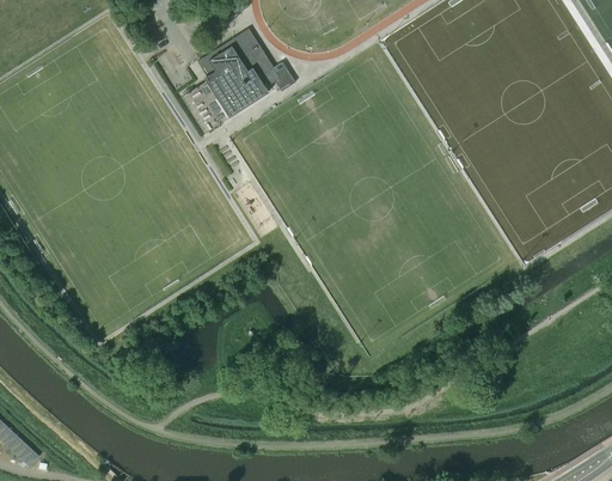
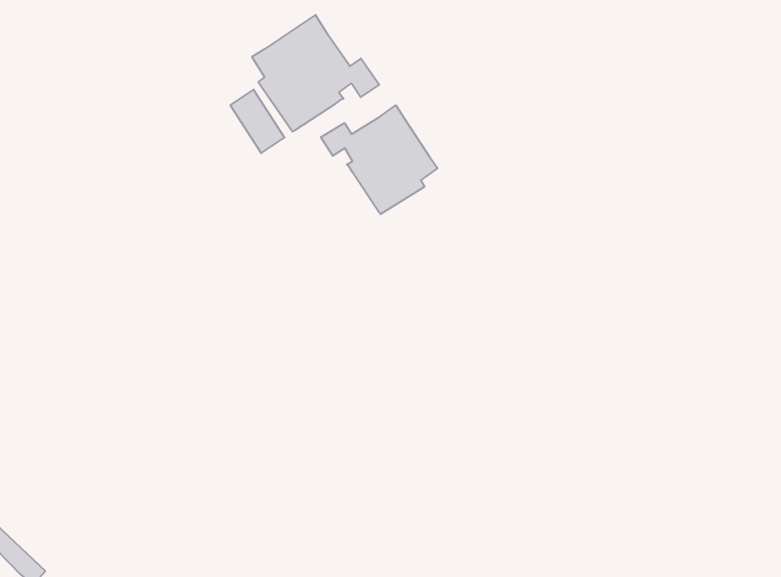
building: none -> [321,105,437,214]

